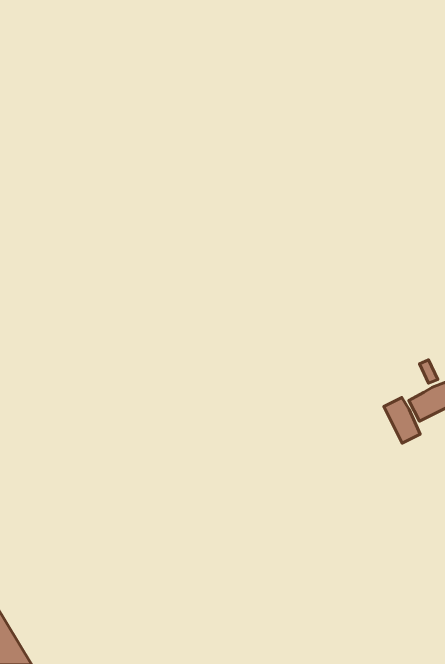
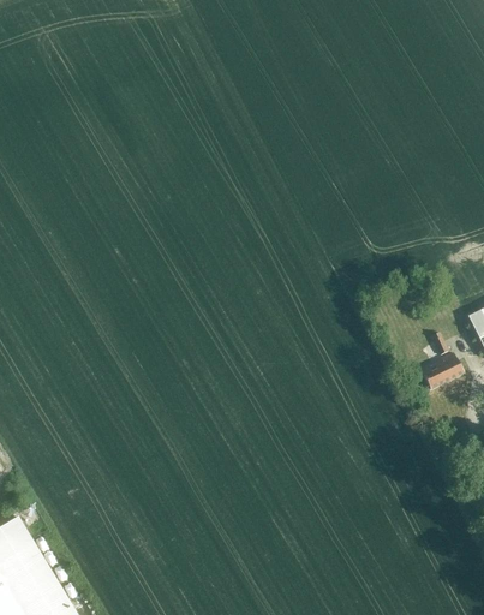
building: [384,398,420,443] -> none

